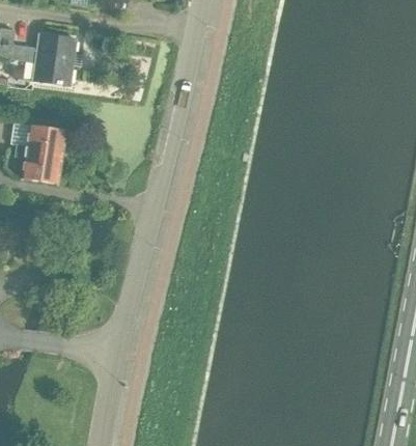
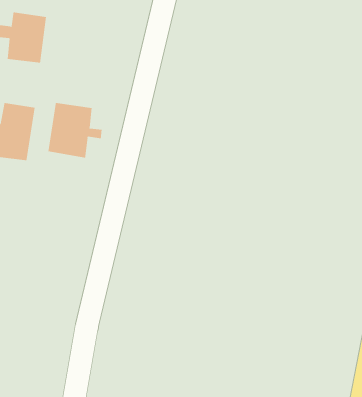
building: none -> [48,102,102,158]

